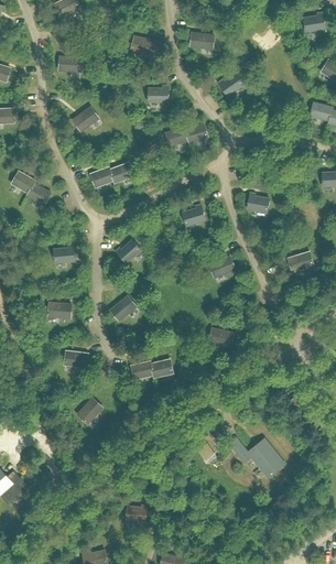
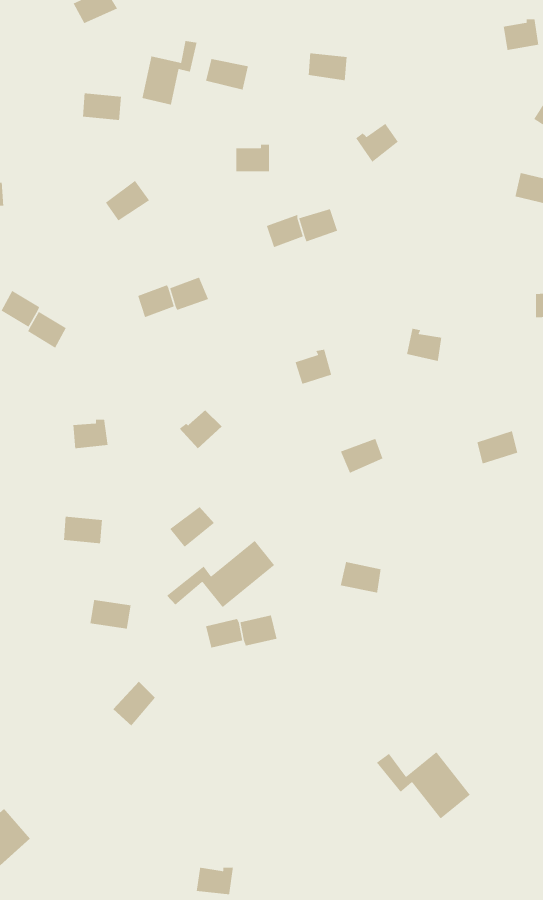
building: none -> [142,40,197,105]
building: none -> [166,540,275,608]

